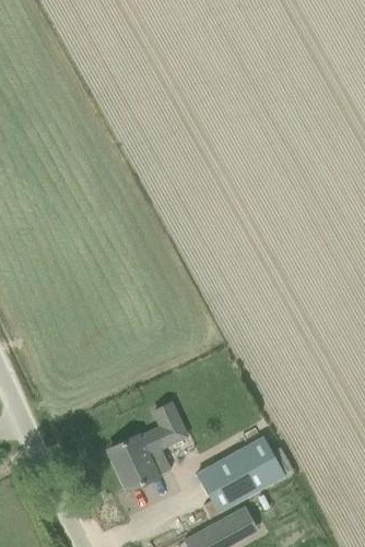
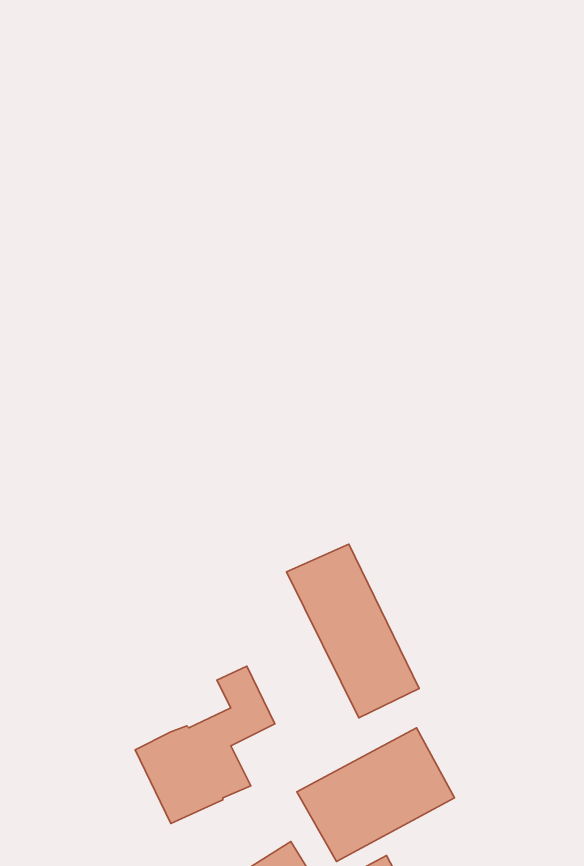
building: none -> [287,544,419,718]

